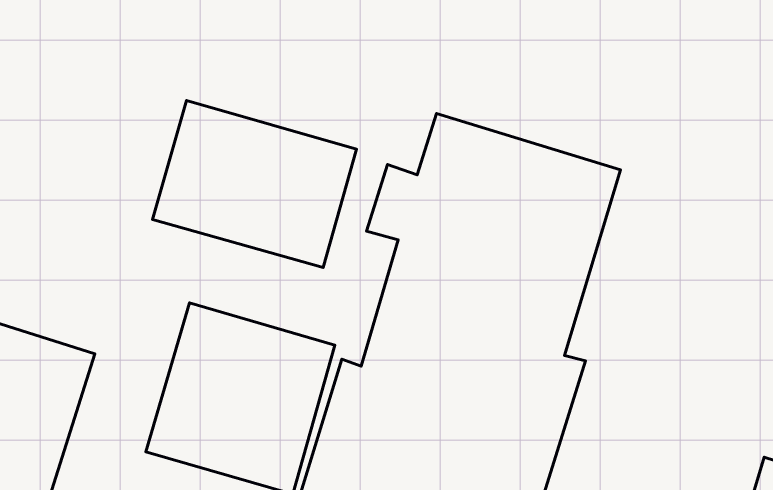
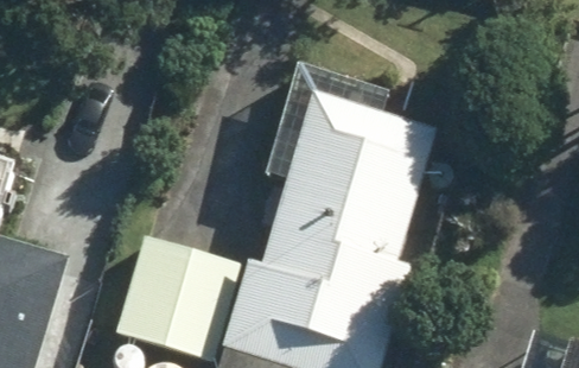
building: [153,100,356,267] -> none

